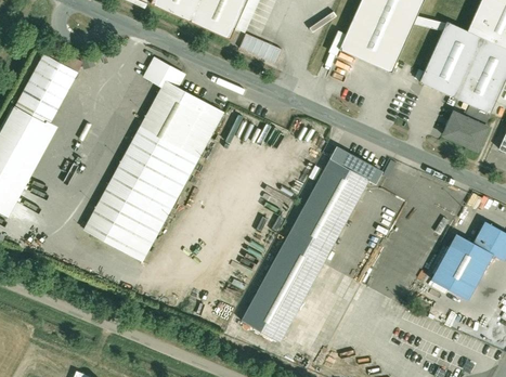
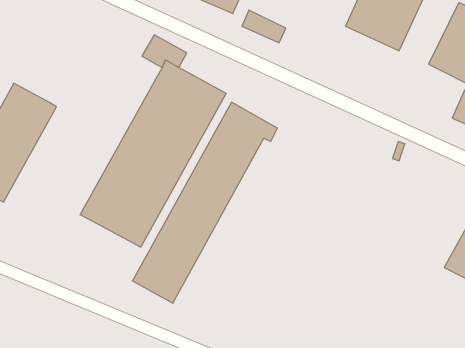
building: [18,53,80,121] -> none
building: [242,147,381,341] -> [132,102,277,303]

